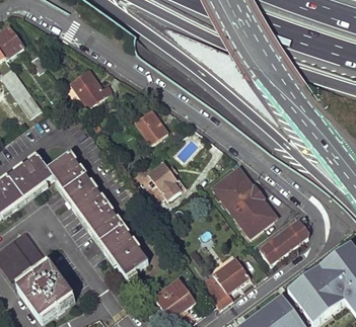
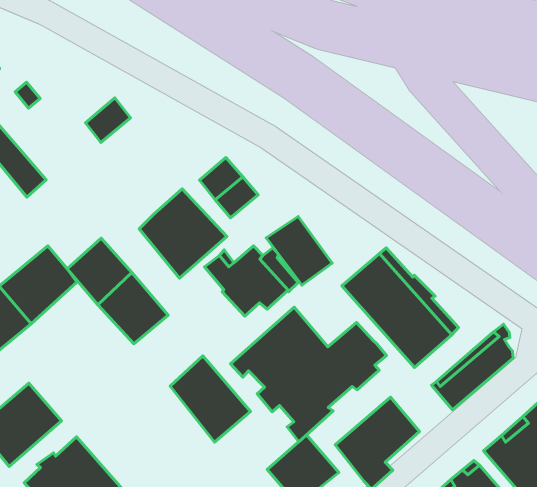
building: [77,81,110,106] -> none
building: none -> [139,189,227,278]
building: none -> [266,217,332,285]
building: [87,197,127,239] -> none
building: none -> [231,307,387,442]

